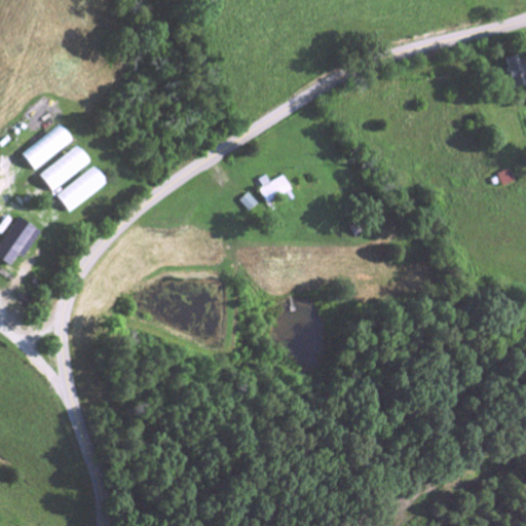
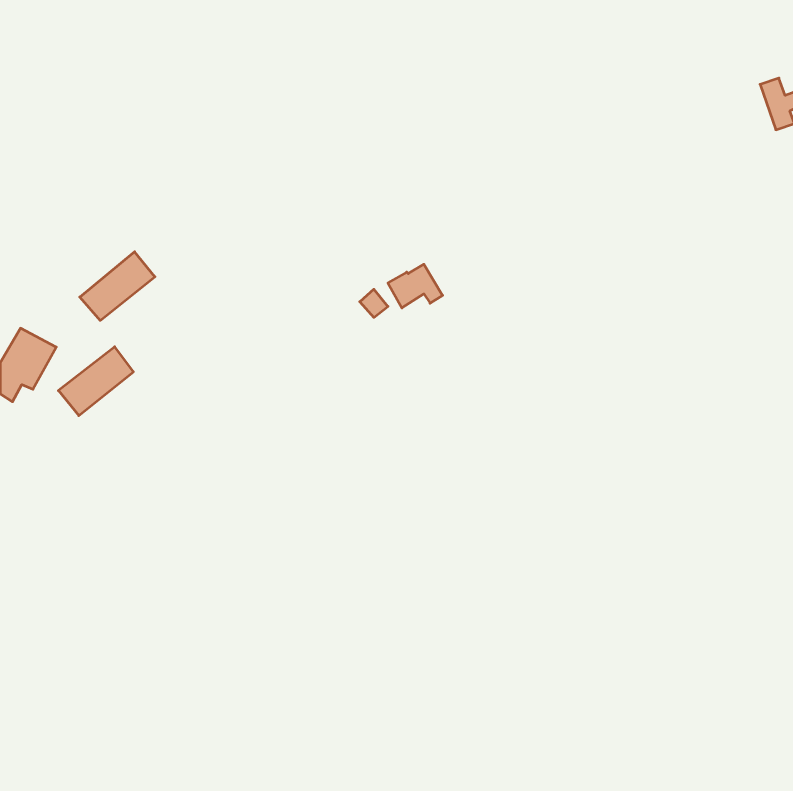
building: [23,124,73,167] -> none
building: [40,145,89,190] -> [58,347,133,416]

